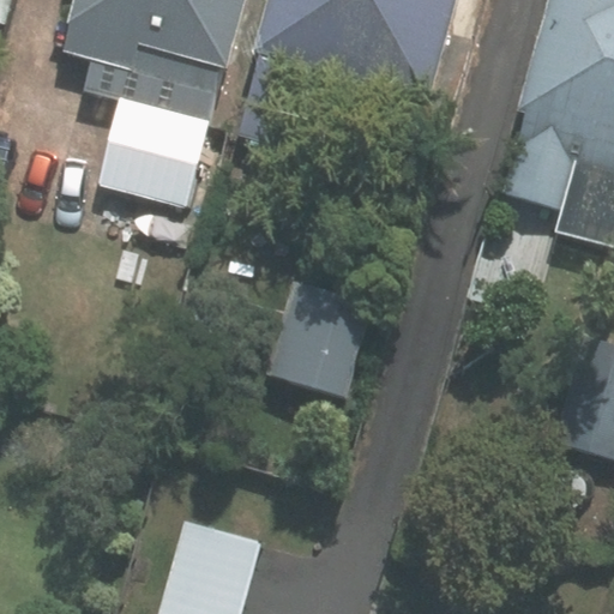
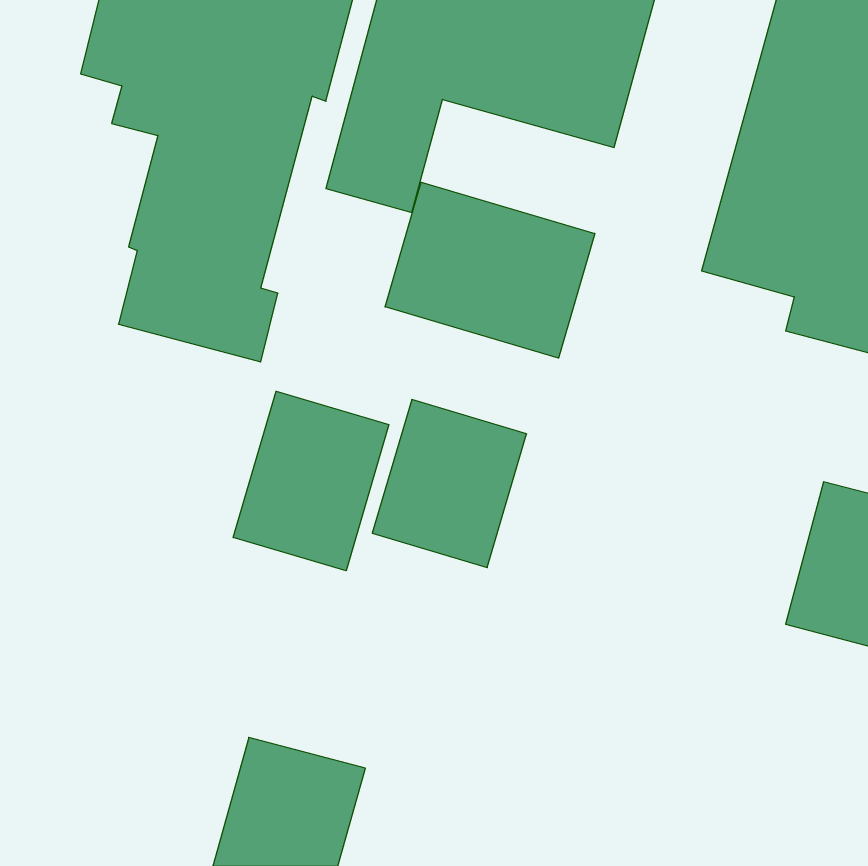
building: none -> [385,182,595,358]
building: none -> [233,391,389,571]

